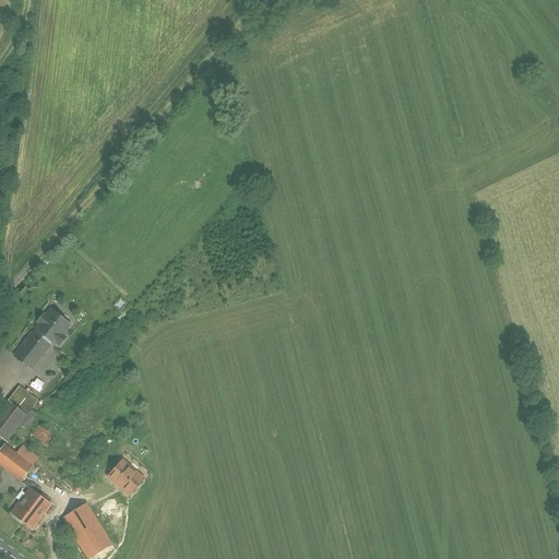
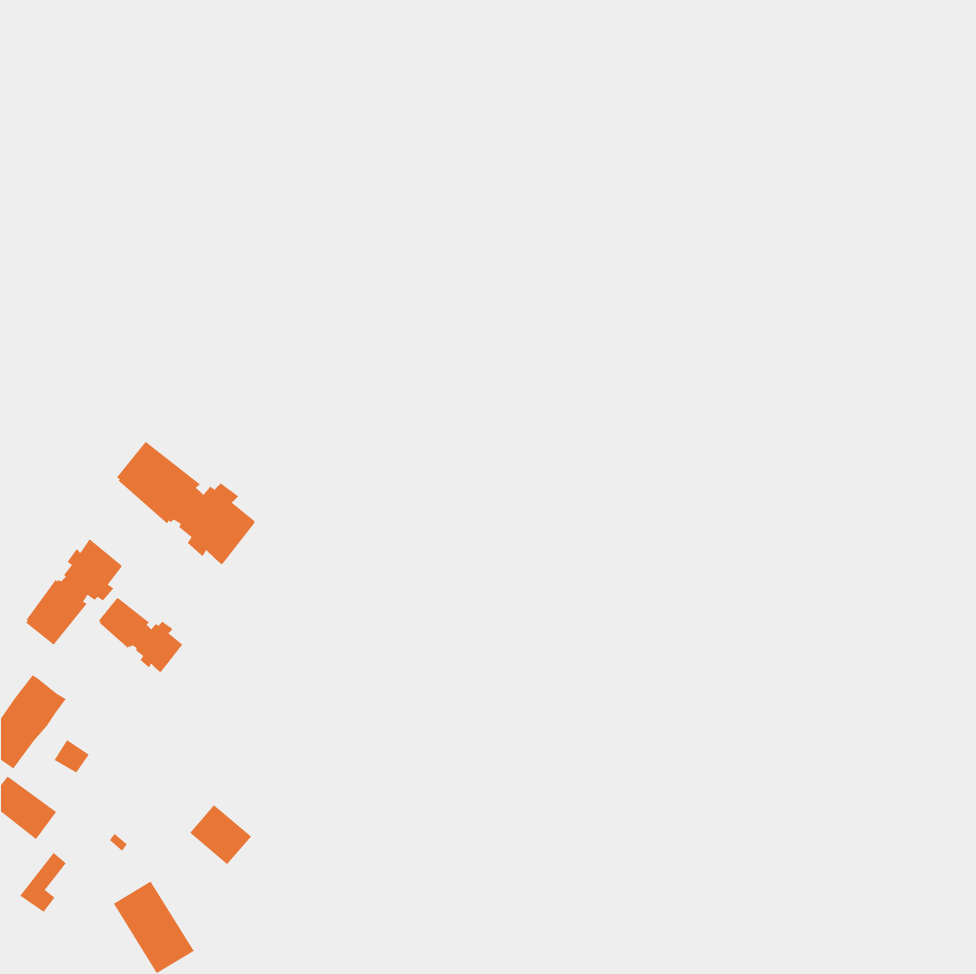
building: none -> [116,441,255,566]
building: none -> [98,597,183,673]
building: [25,493,51,528] -> none

